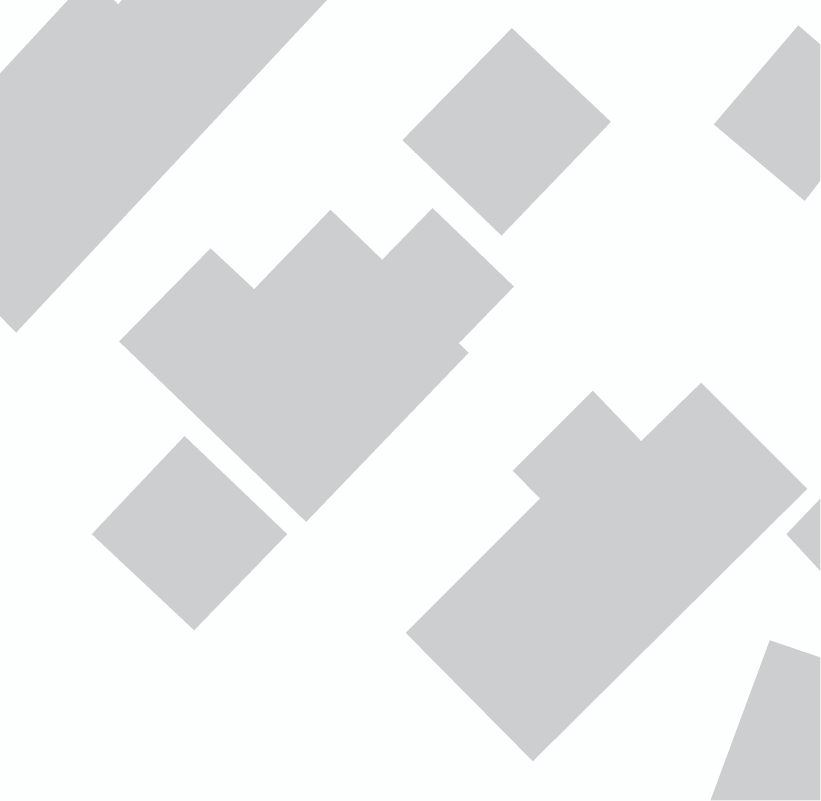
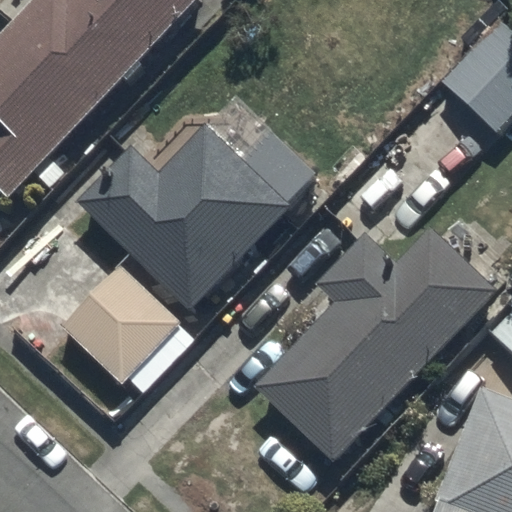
building: [401,27,612,237] -> none

